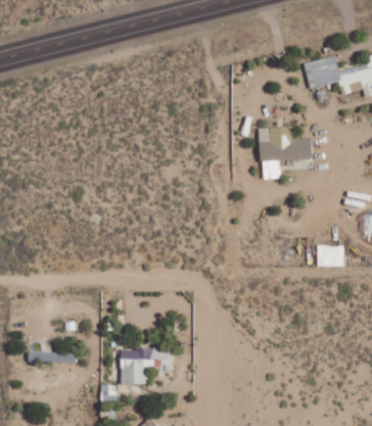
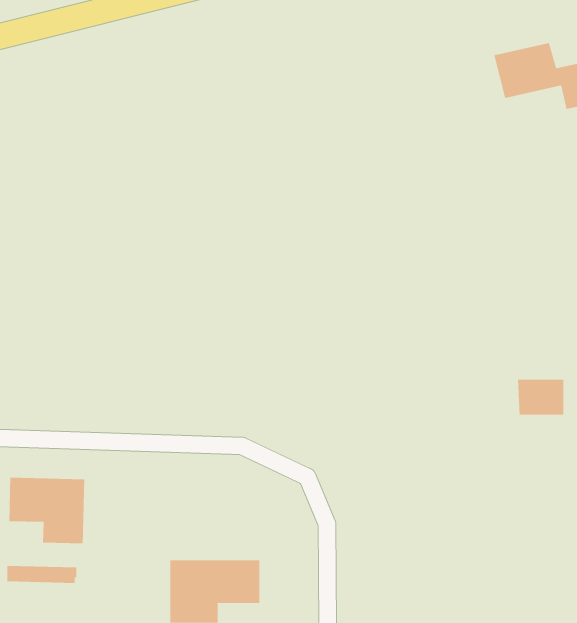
building: [259,127,312,179] -> none
building: none -> [9,477,85,544]

